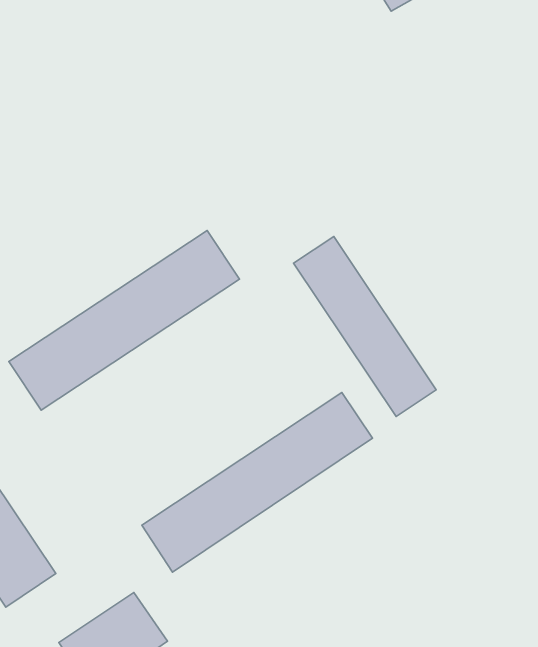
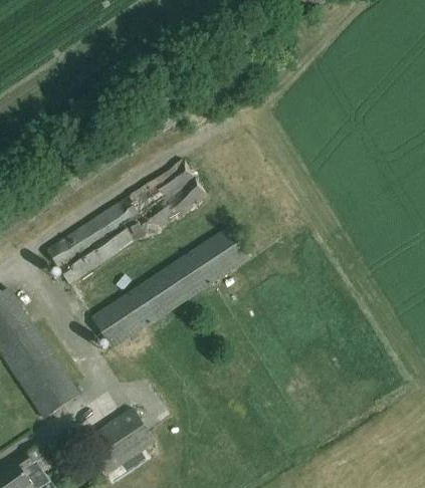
building: [294,236,436,417] -> none
building: [142,393,373,572] -> [90,227,248,349]

